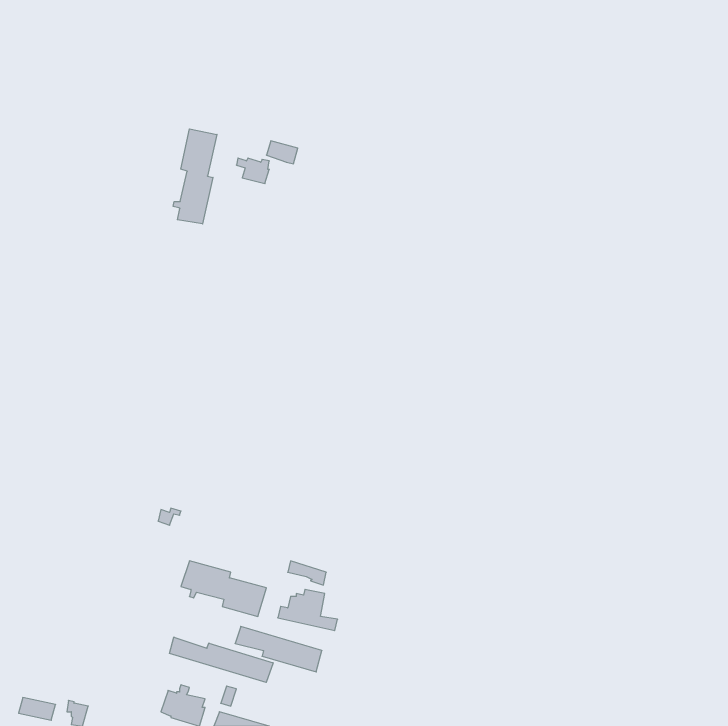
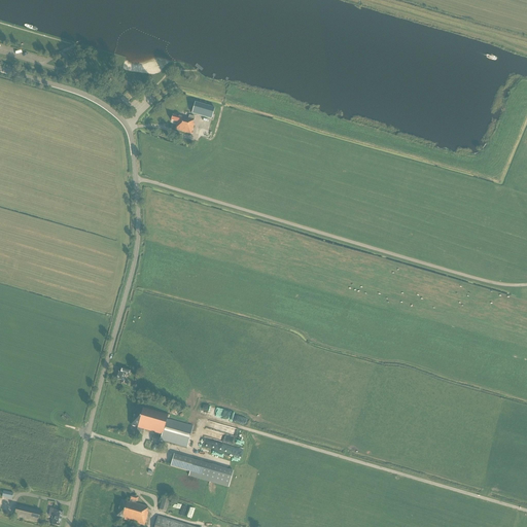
building: [173,129,217,224] -> none
building: [170,637,273,682] -> none

